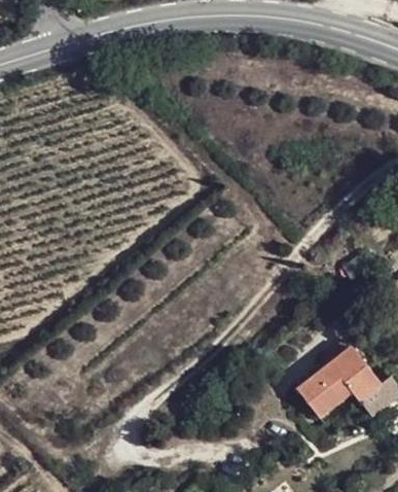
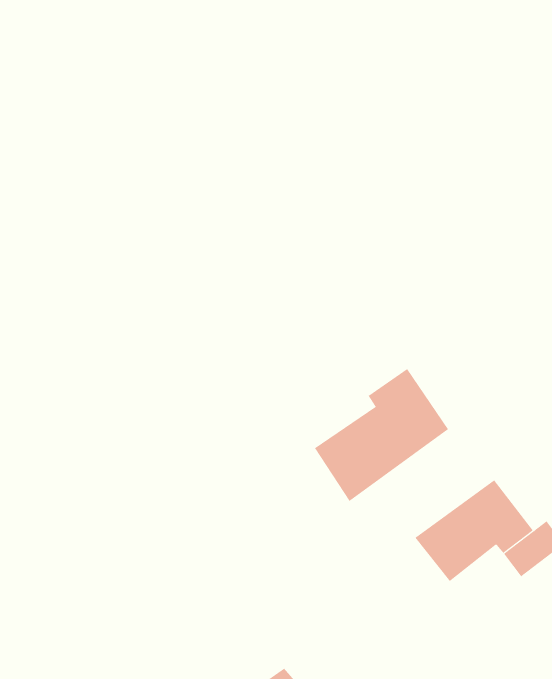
building: none -> [314,368,449,502]

